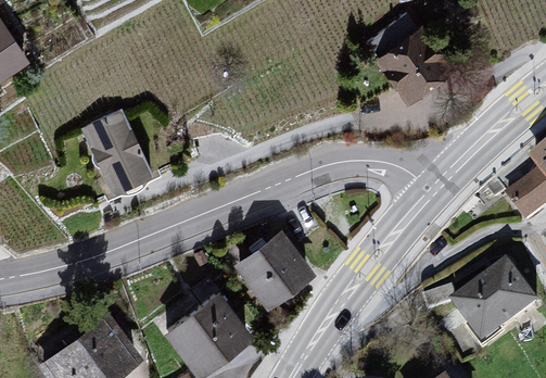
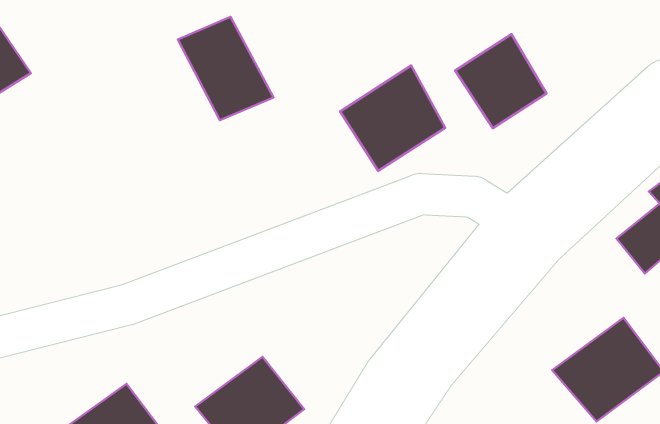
building: none -> [340,66,445,171]
building: [79,110,156,193] -> [178,17,274,120]
building: [231,230,313,310] -> none

